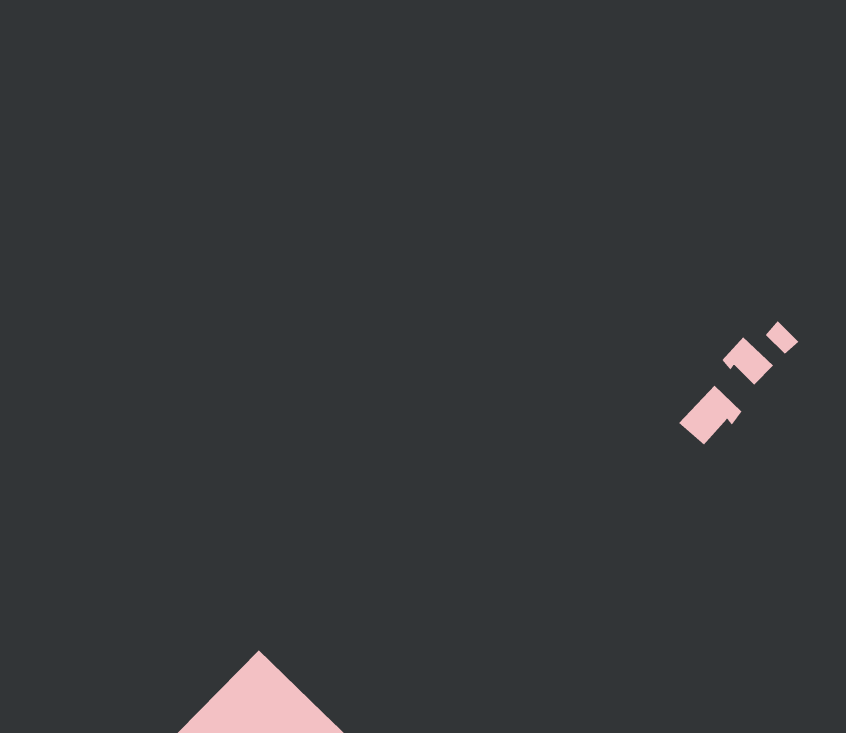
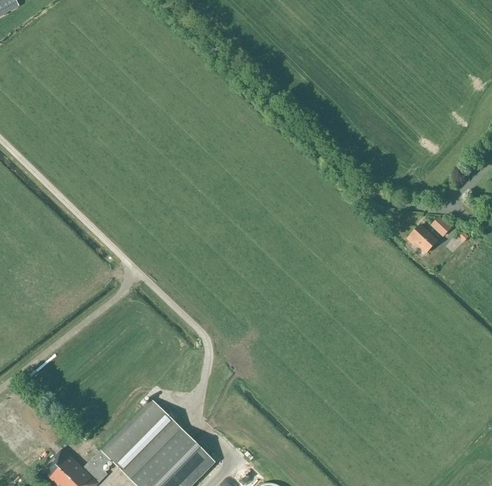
building: [678,385,742,446] -> none

